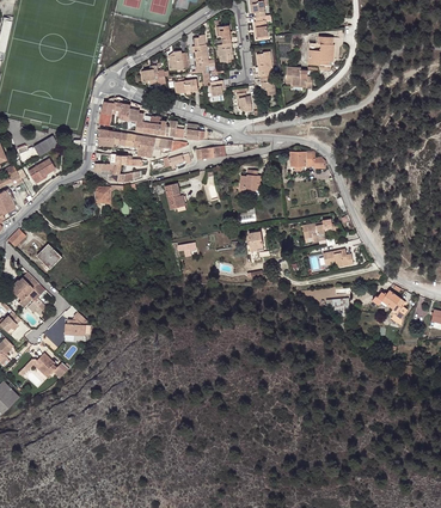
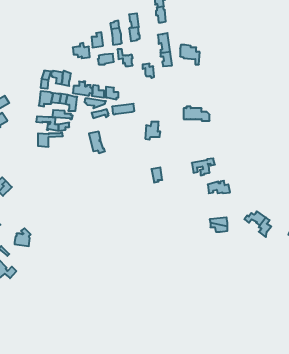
building: [307,36,333,66] -> none

